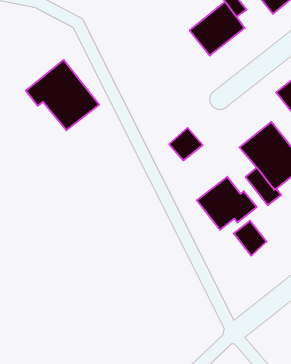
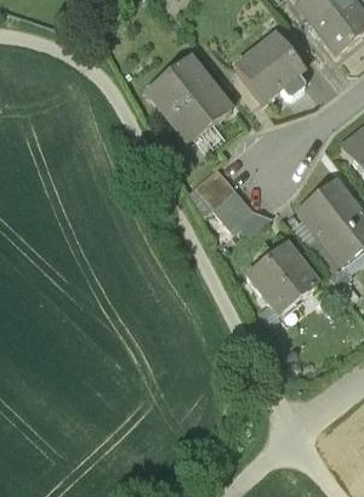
building: [26,60,99,130] -> [144,55,232,138]
building: none -> [197,166,237,207]
building: [234,221,267,256] -> none

